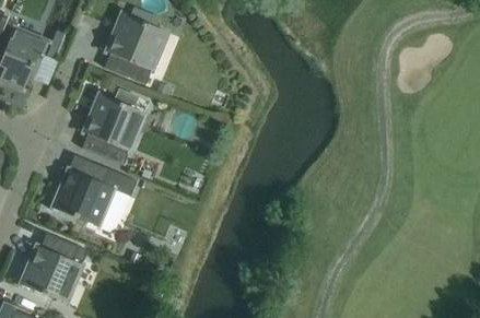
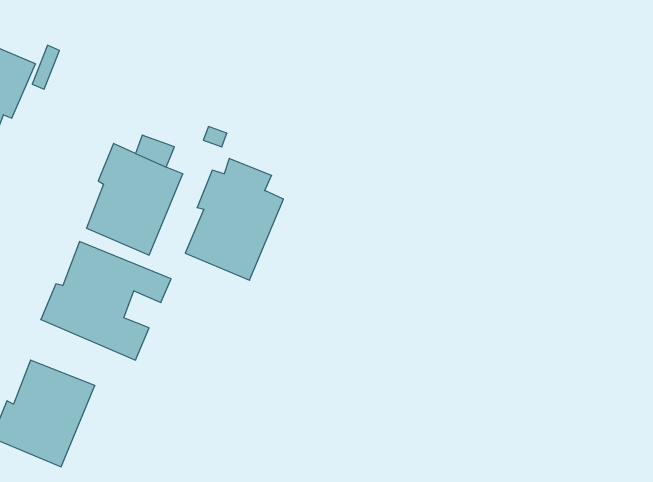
building: [104,5,167,84] -> [185,158,283,280]

